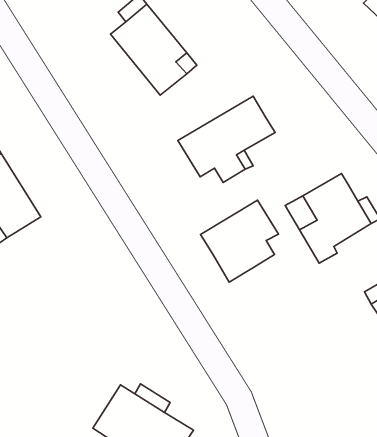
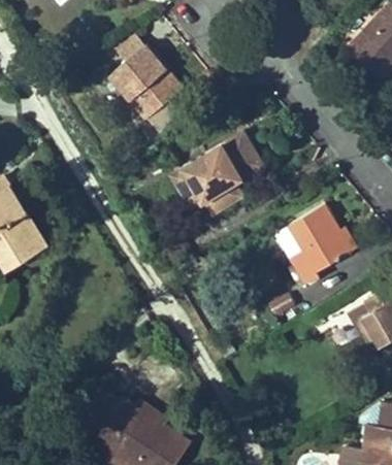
building: [201,200,278,282] -> none

